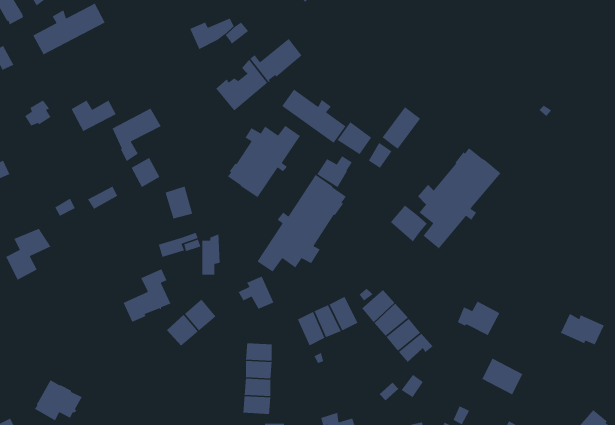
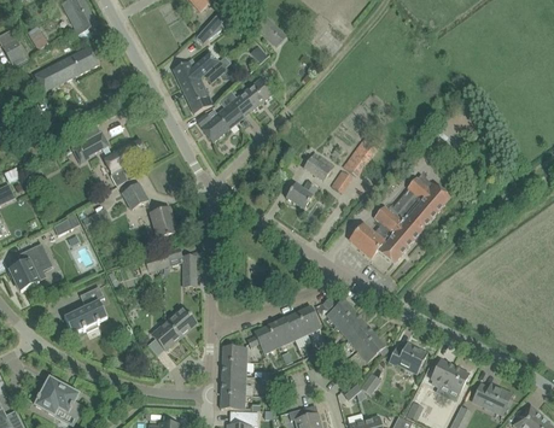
building: none -> [181,78,210,112]
building: [281,89,347,144] -> none
building: [227,125,301,198] -> none
building: [256,174,347,273] -> none
building: [122,268,172,323] -> [64,286,107,334]
building: [238,276,274,310] -> [246,324,279,354]
building: [457,301,500,336] -> [389,341,427,373]
building: [560,313,605,346] -> [472,382,512,411]

